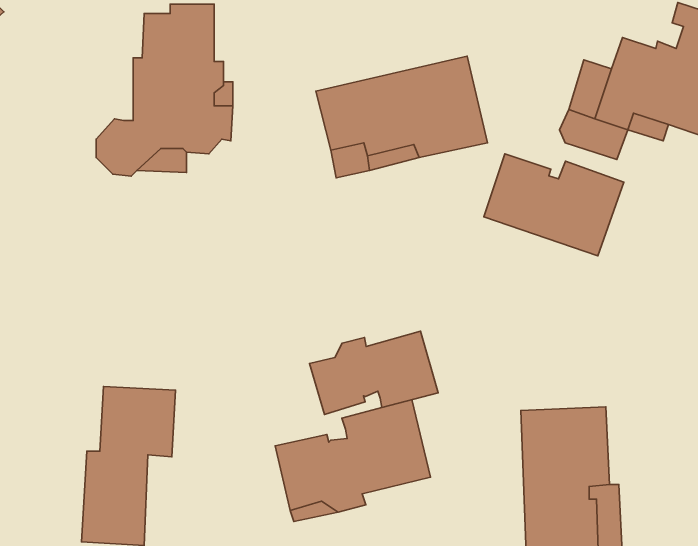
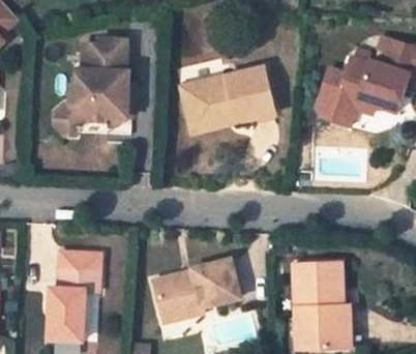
building: [484,154,624,256] -> none
building: [309,331,438,414] -> none

